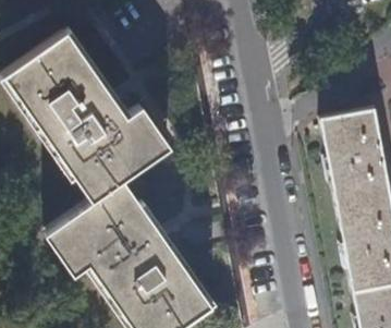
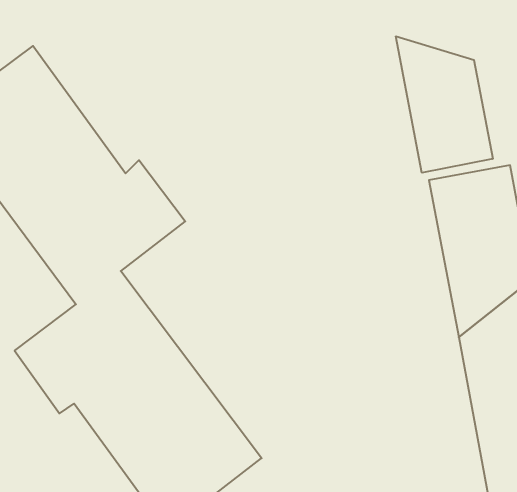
building: none -> [396,36,493,173]

